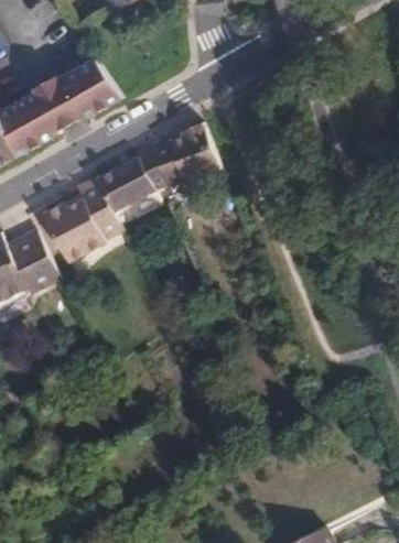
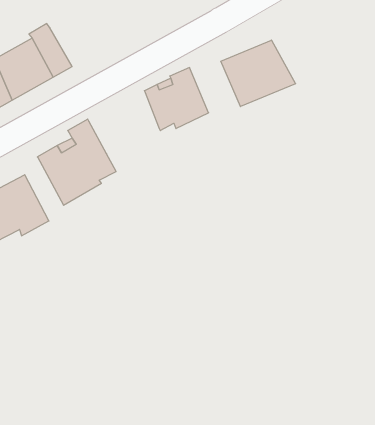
building: [55,57,120,120] -> none
building: none -> [221,40,296,107]
building: [96,145,170,211] -> none

